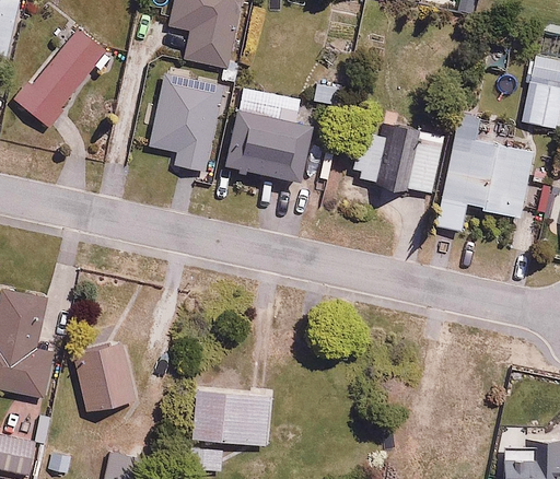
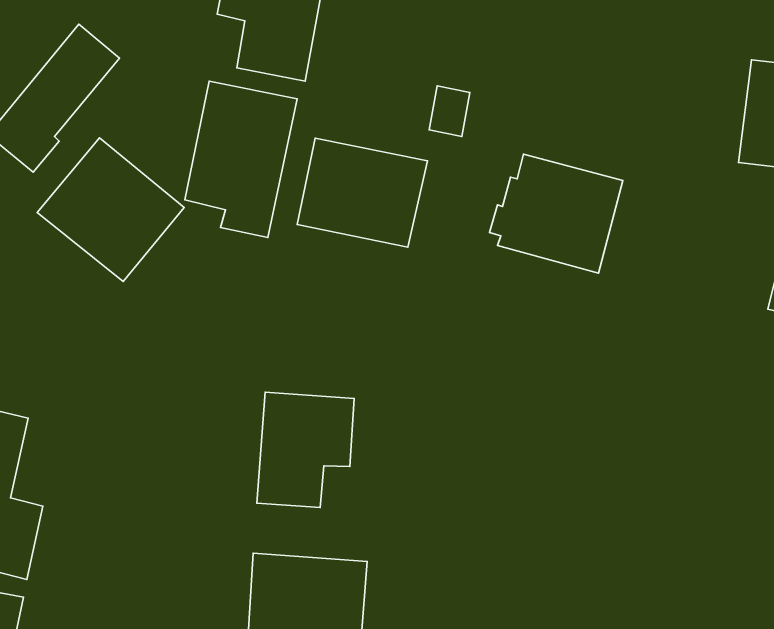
building: none -> [37,138,184,282]
building: [433,112,538,233] -> none
building: none -> [257,392,354,508]
building: [73,340,135,411] -> none

